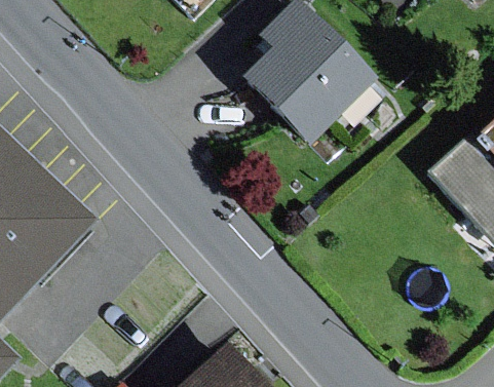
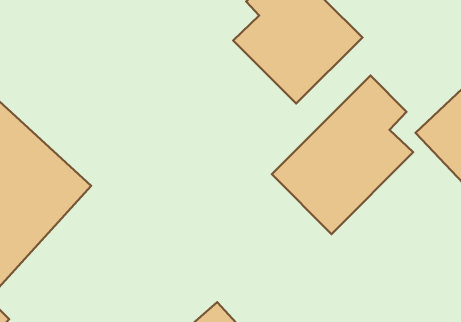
building: none -> [272,75,413,234]

